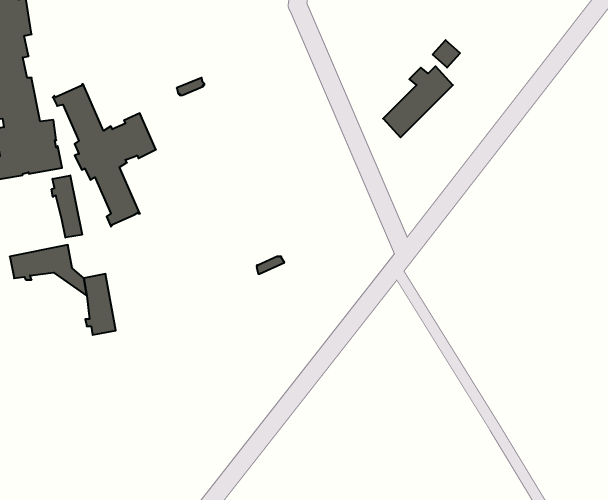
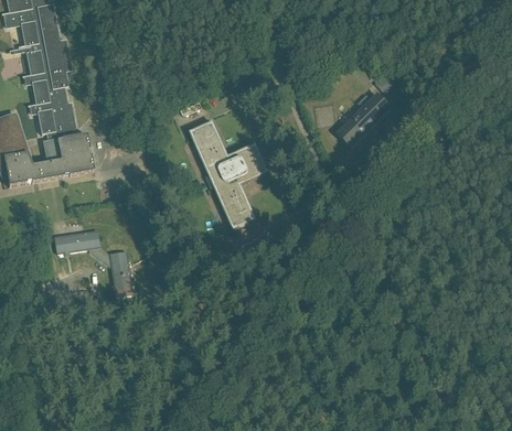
building: [53,84,156,227] -> [189,120,267,228]
building: [52,175,82,238] -> none

